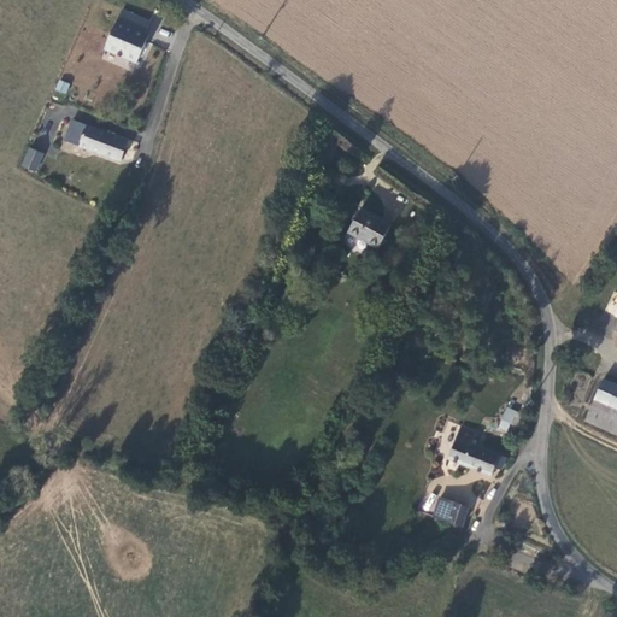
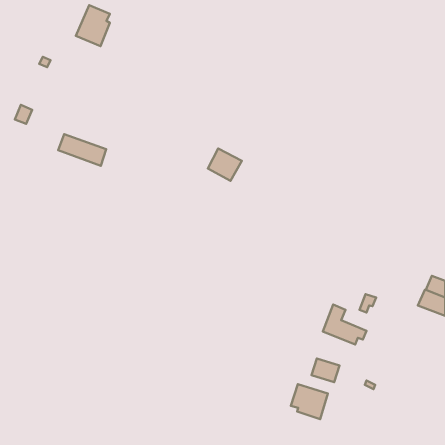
building: [64,117,130,160] -> [58,134,106,166]
building: [345,206,392,251] -> [208,149,242,181]
building: none -> [291,384,328,419]

